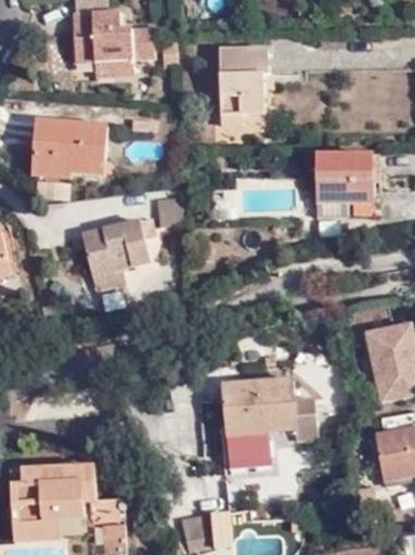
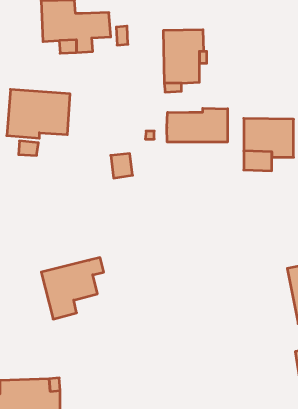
building: none -> [167,108,228,142]
building: [81,215,156,288] -> [41,258,104,319]
building: [220,378,315,469] -> none

